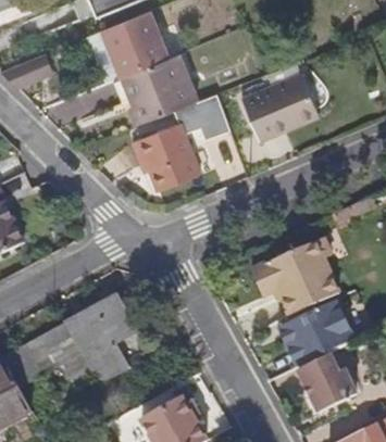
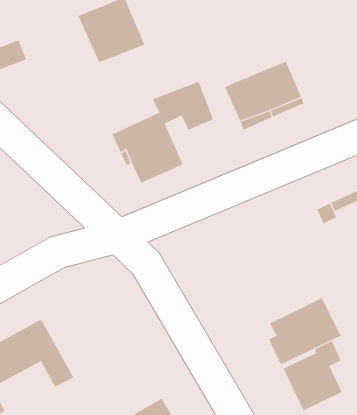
building: [122,53,195,123] -> none
building: [249,239,337,317] -> none
building: [64,293,147,383] -> none

